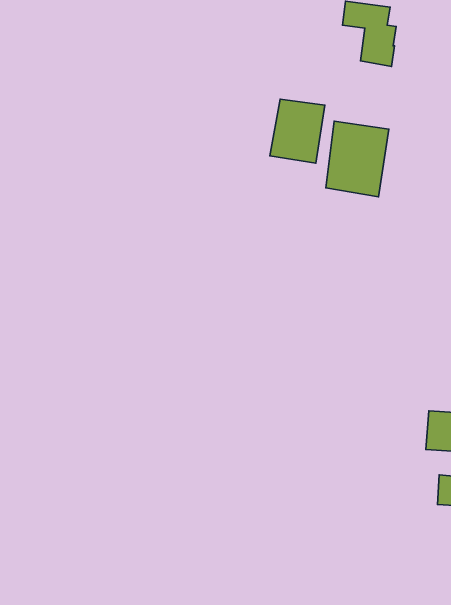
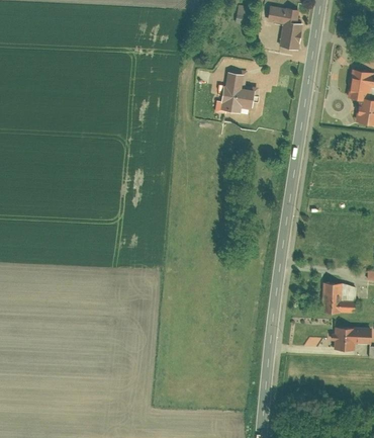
building: [326,121,389,197] -> none

